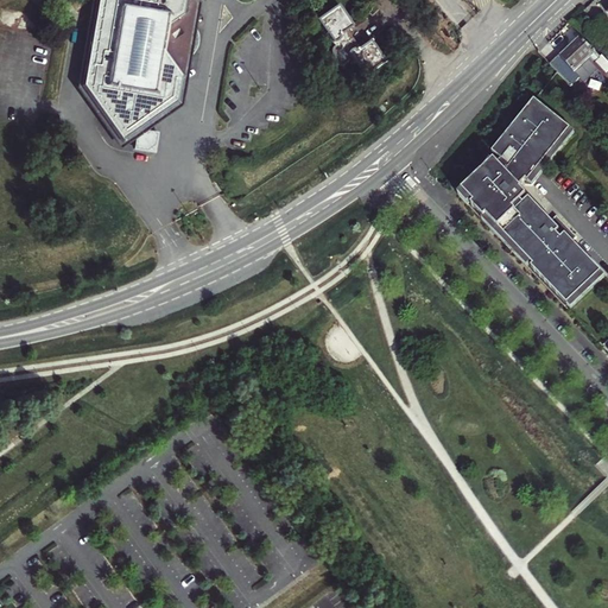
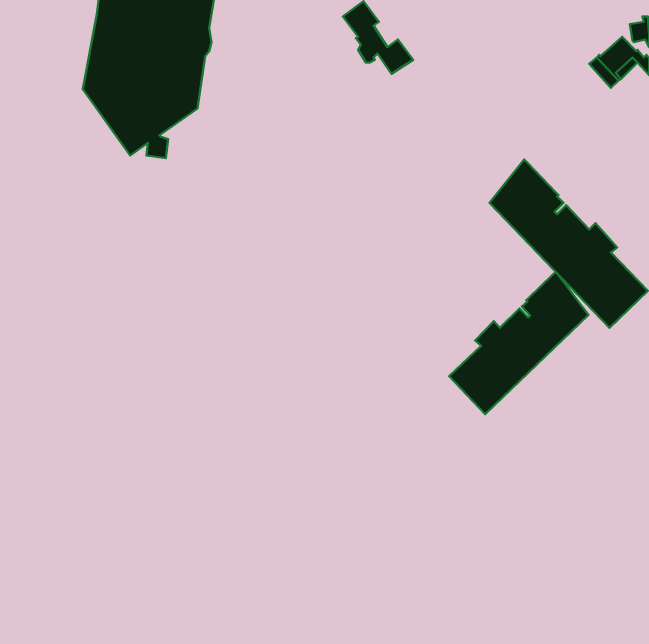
building: [490,95,571,179] -> none
building: none -> [449,272,589,414]

